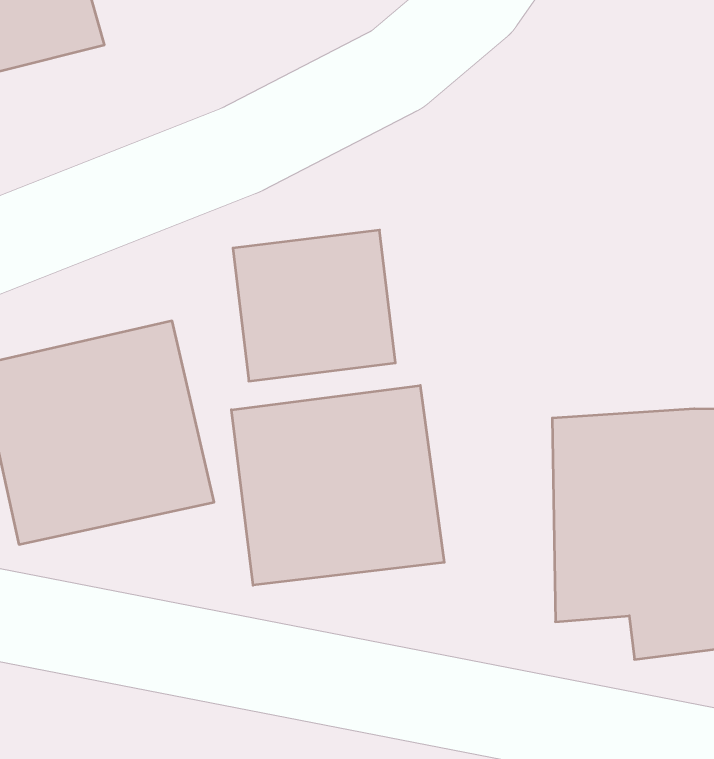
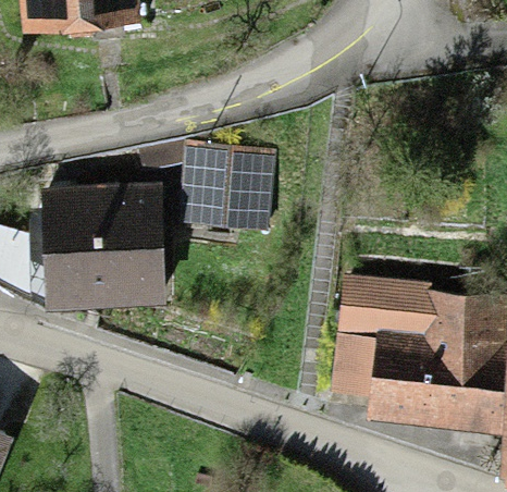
building: [231,385,444,585] -> none

